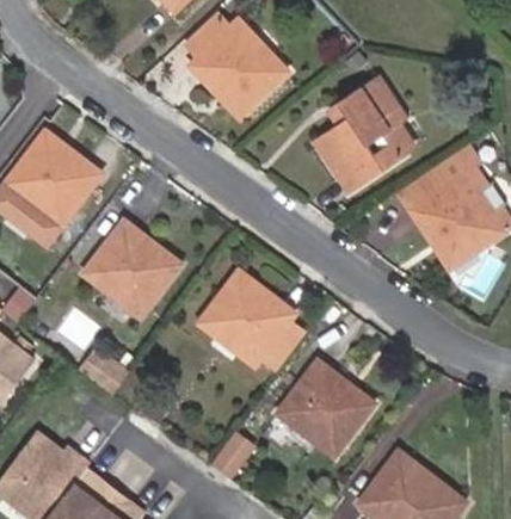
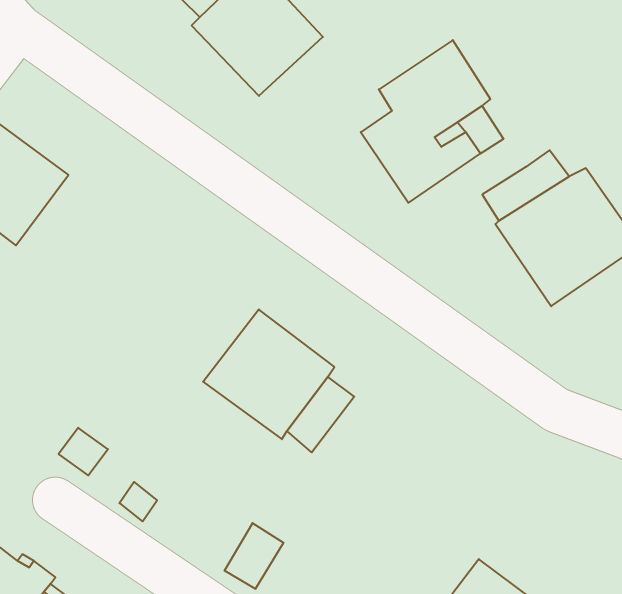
building: [85,221,179,315] -> none
building: [278,360,376,457] -> none

